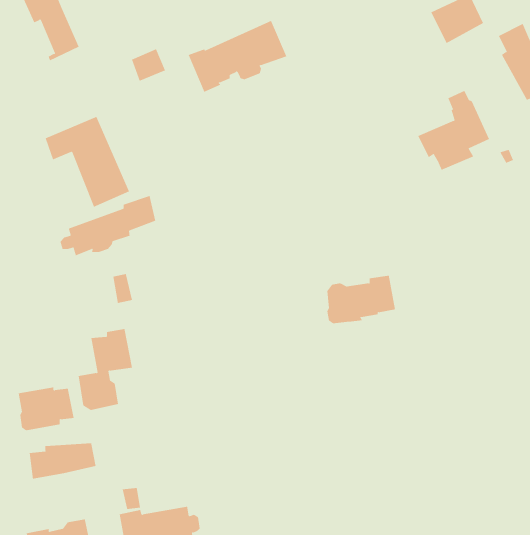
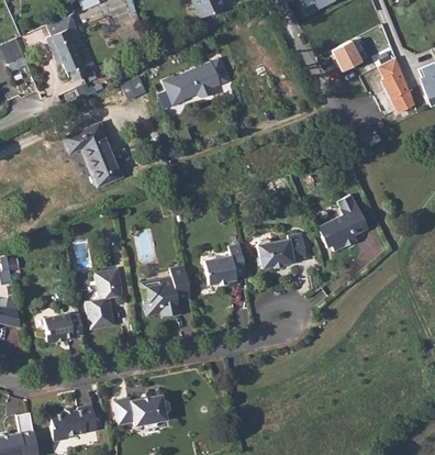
building: [418,90,490,171] -> [317,195,368,251]
building: [60,195,156,256] -> none
building: none -> [204,244,245,286]
building: none -> [144,266,189,315]
building: [29,442,96,479] -> none

